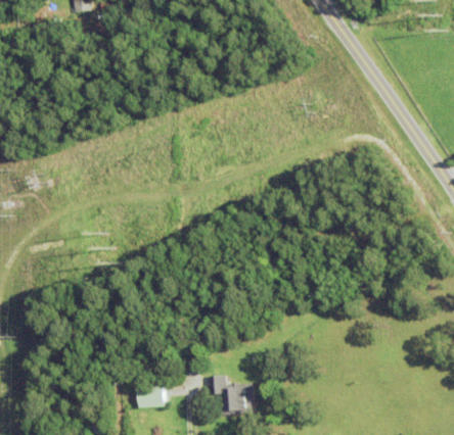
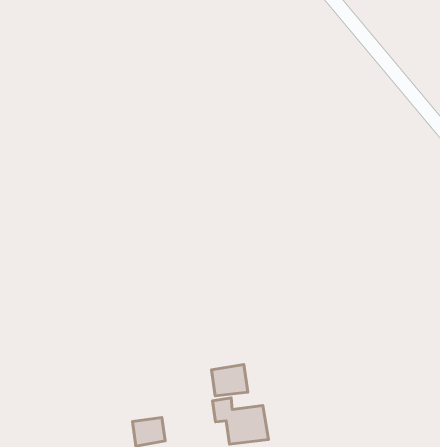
building: none -> [211,365,248,396]

